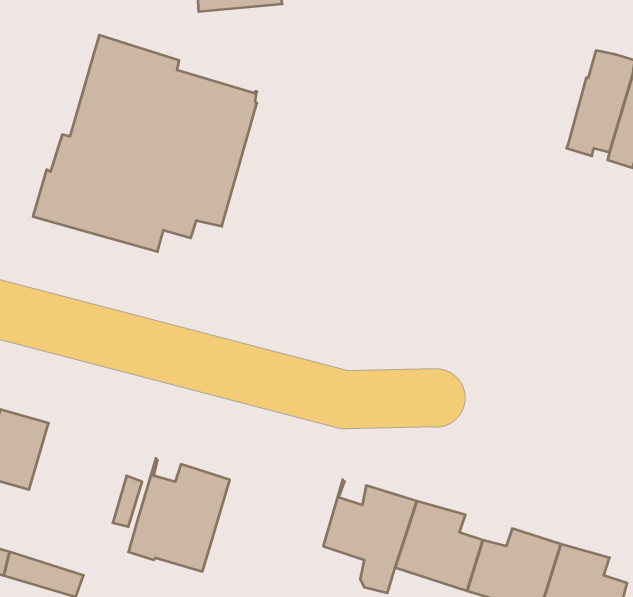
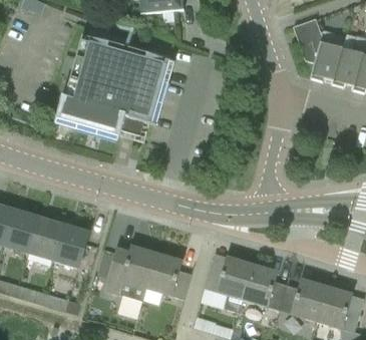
building: none -> [293,18,340,81]
building: none -> [53,225,88,266]
building: none -> [146,254,192,300]

